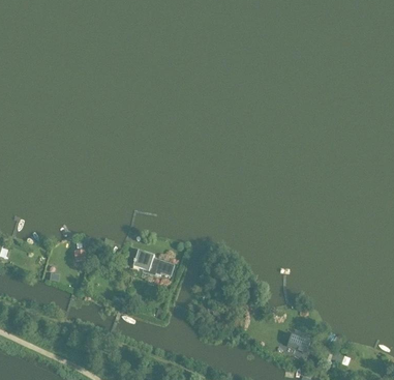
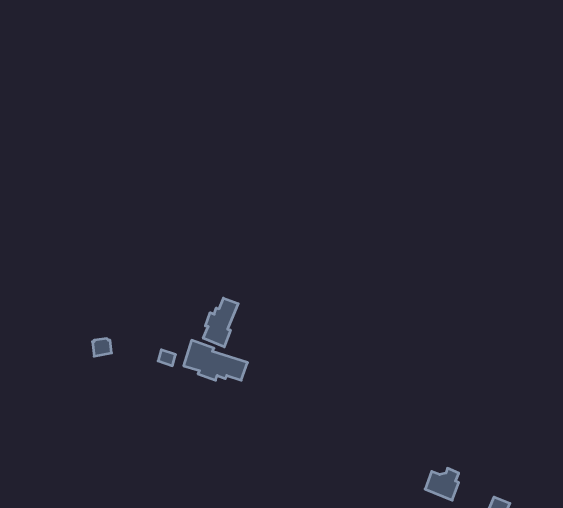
building: none -> [203,298,238,347]

